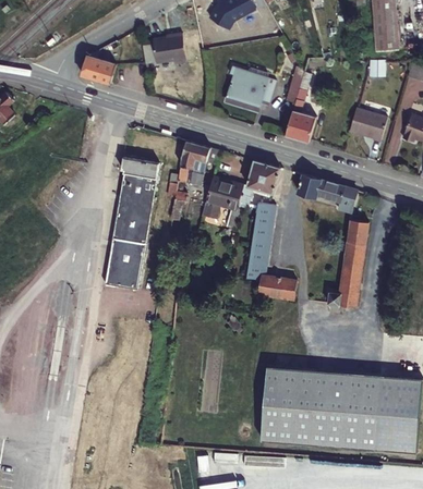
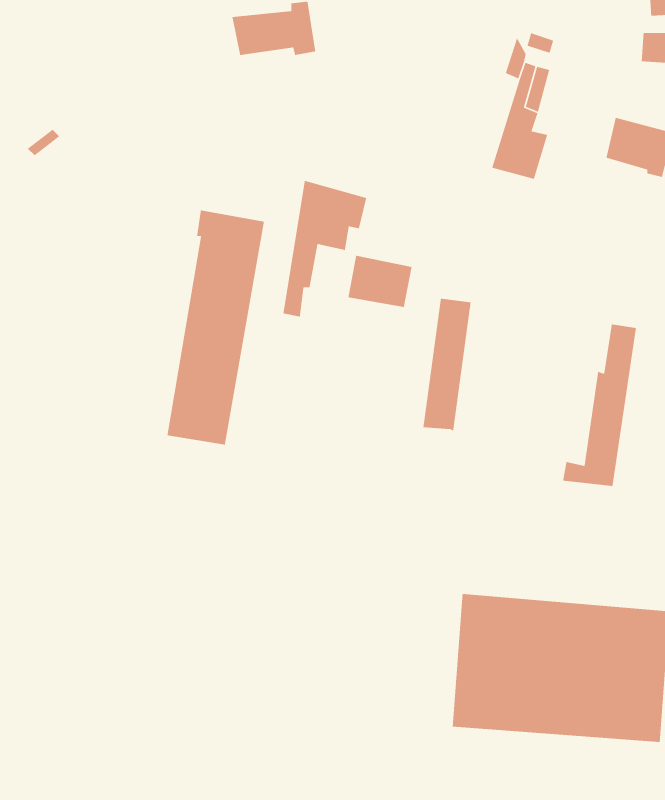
building: [83,54,117,83] -> none
building: [228,64,277,102] -> none
building: [238,160,275,212] -> none
building: [298,176,361,212] -> none
building: [263,280,300,303] -> none

